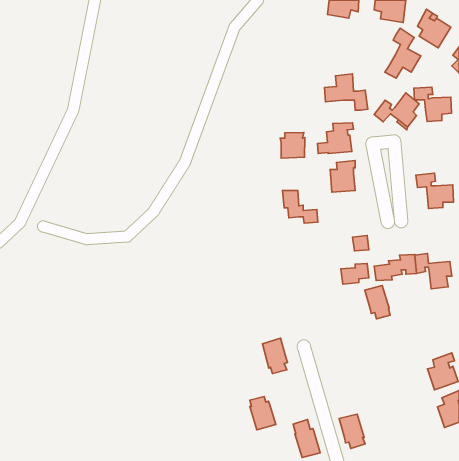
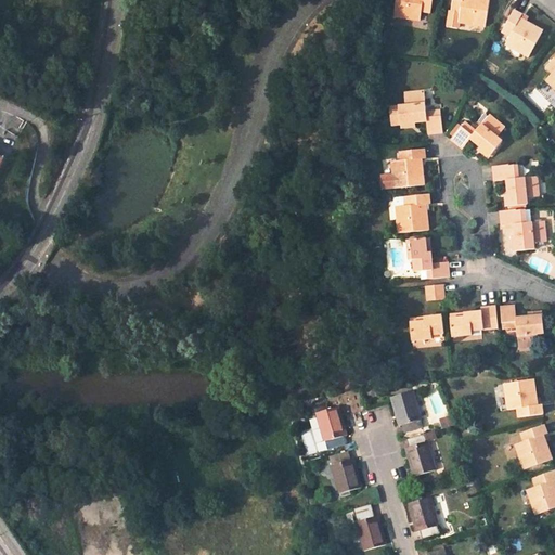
building: [385,28,421,78] -> none
building: [414,87,452,121] -> [493,164,539,205]
building: [280,133,305,158] -> none
building: [283,191,318,223] -> [406,238,449,278]
building: [365,285,390,319] -> [390,391,421,431]
building: none -> [504,379,542,417]
building: none -> [404,434,436,477]
building: [250,397,276,430] -> [330,453,361,493]

